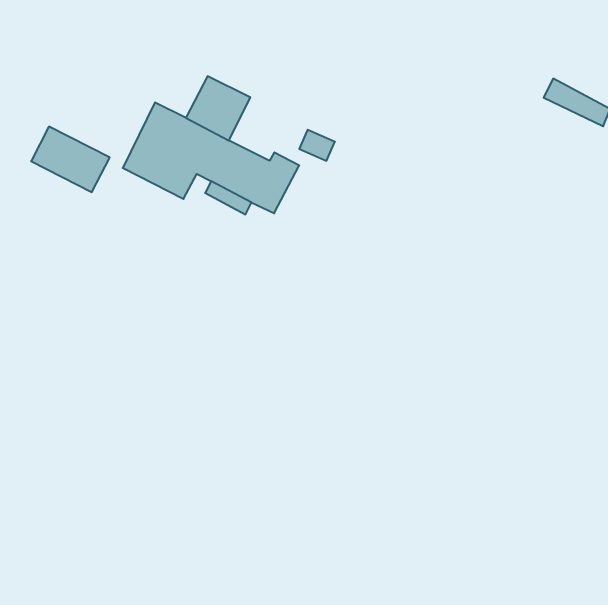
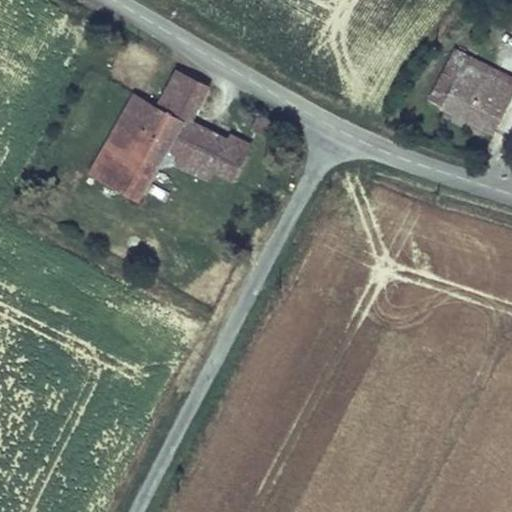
building: none -> [430,78,507,134]
building: [31,127,110,192] -> [89,144,155,199]

